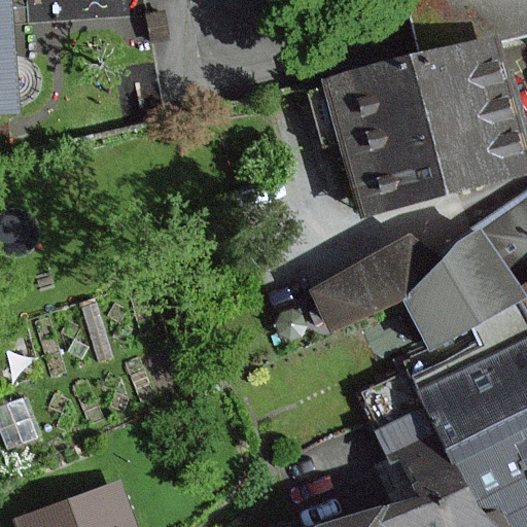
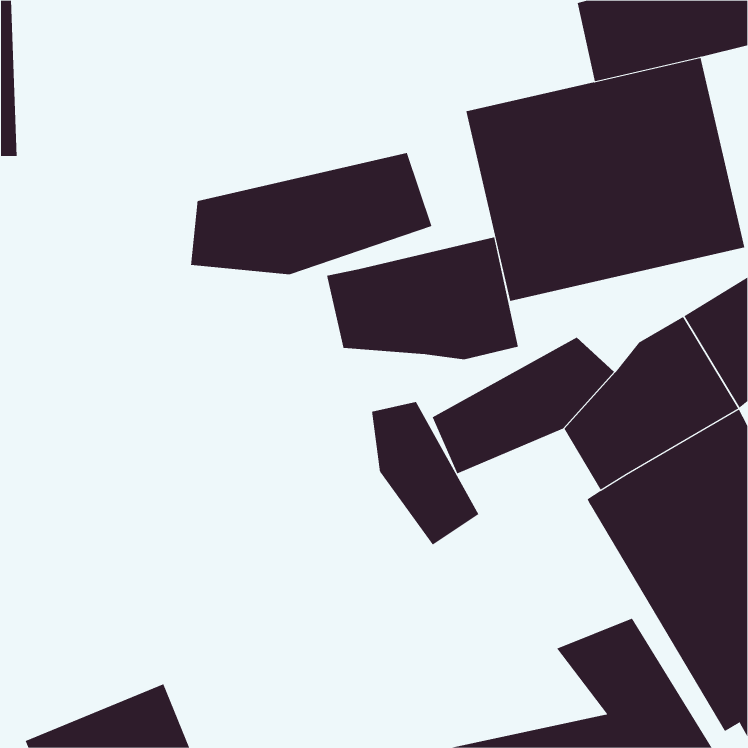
building: none -> [190,152,432,275]
building: none -> [327,237,519,360]
building: none -> [371,401,479,545]

